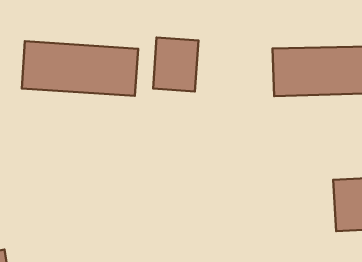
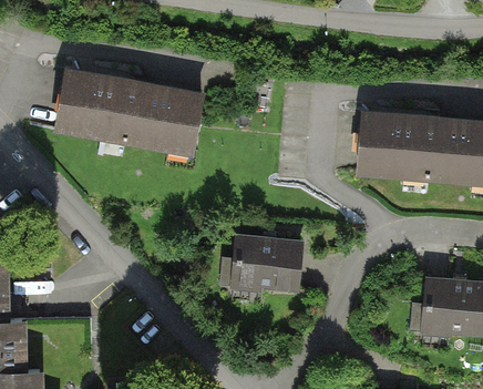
building: [153,37,198,91] -> none
building: none -> [229,238,302,293]

